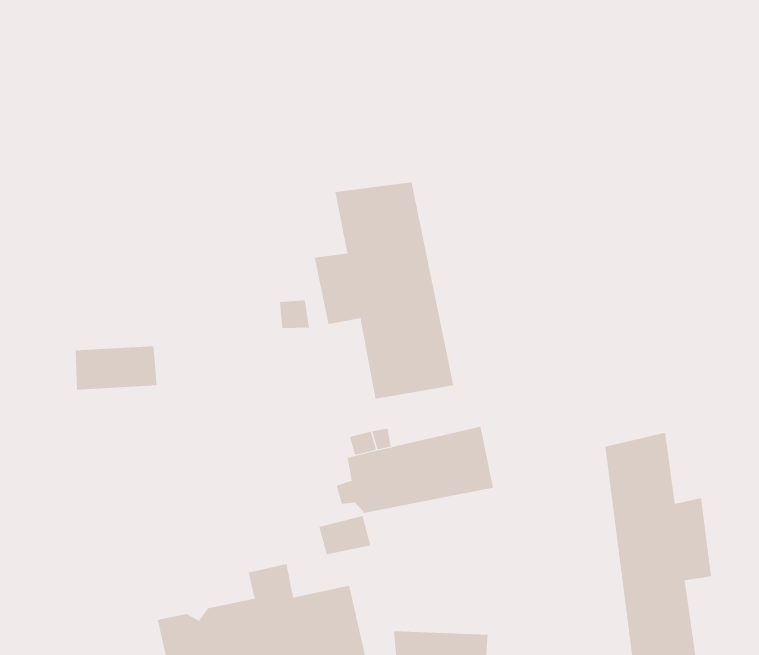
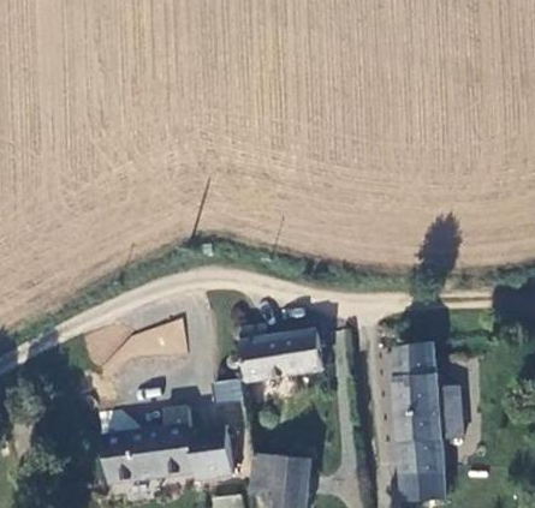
building: [314,181,454,400] -> none
building: [75,346,157,390] -> [130,328,182,354]

